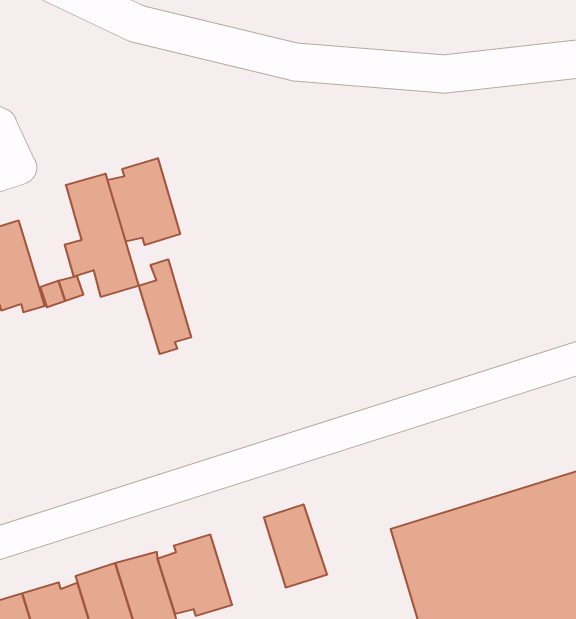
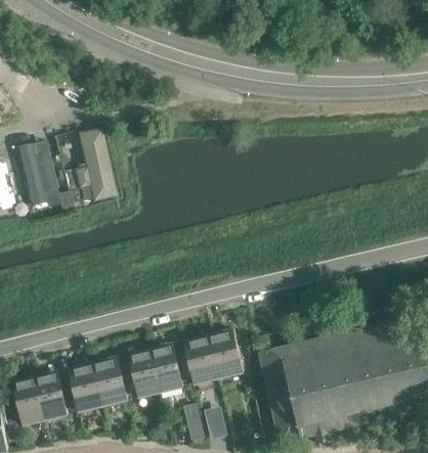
building: [108,158,180,245] -> none
building: [139,259,191,354] -> none
building: none -> [208,329,243,377]
building: none -> [151,344,192,392]

